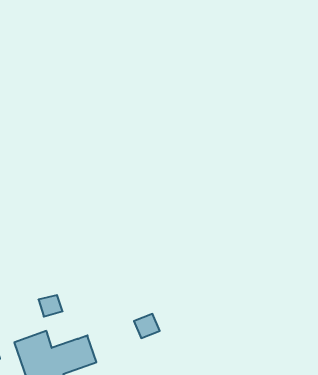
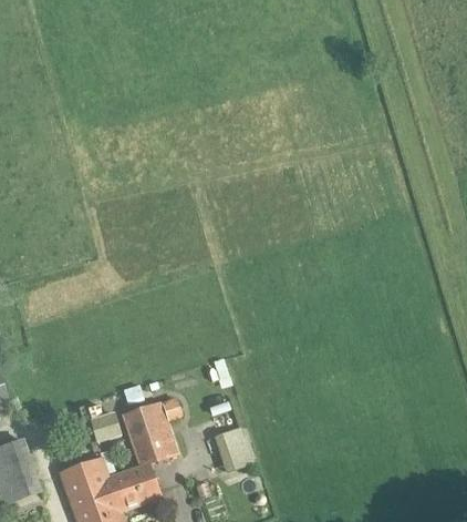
building: none -> [122,396,183,467]

